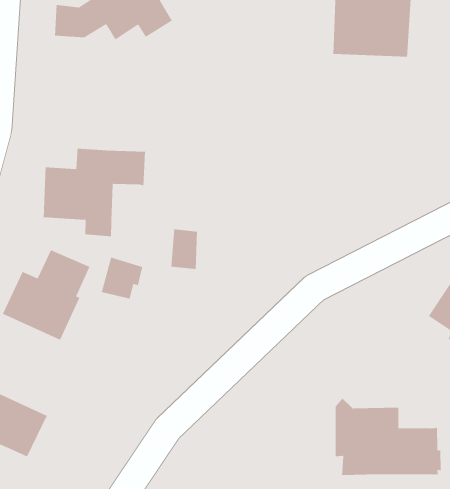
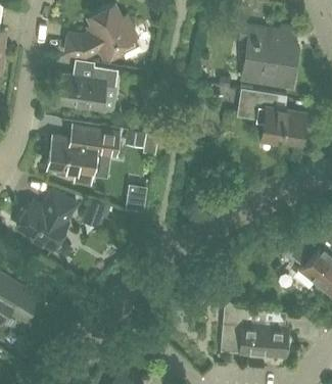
building: none -> [58,66,118,110]
building: none -> [236,89,305,144]

